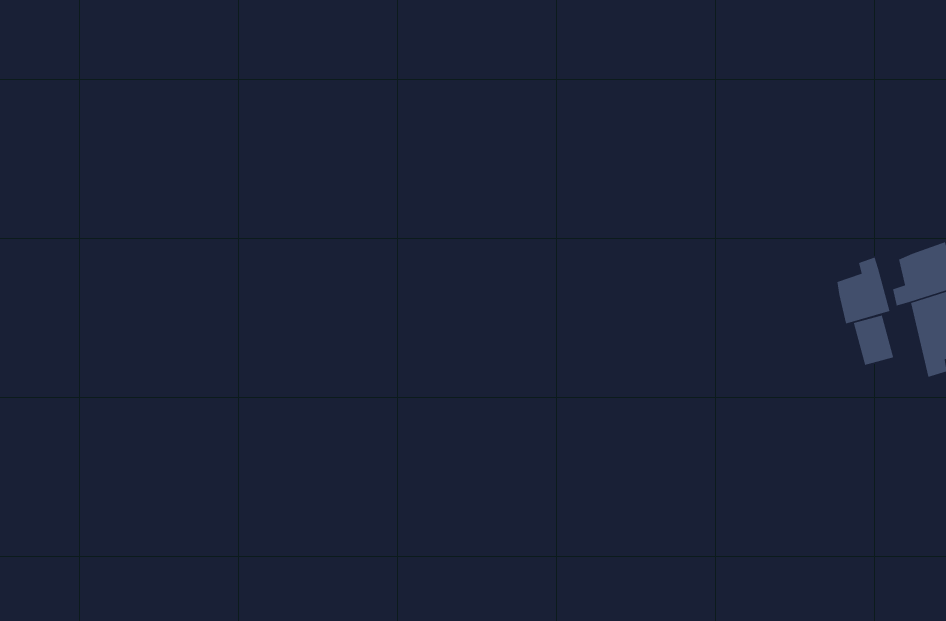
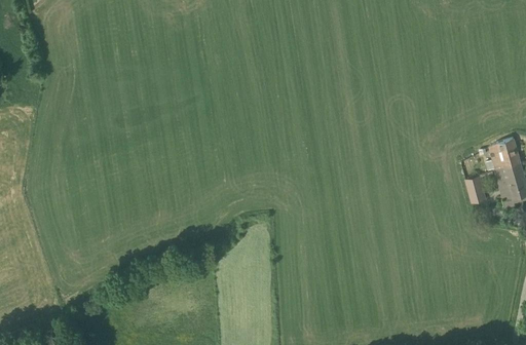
building: [836,256,891,324] -> none

